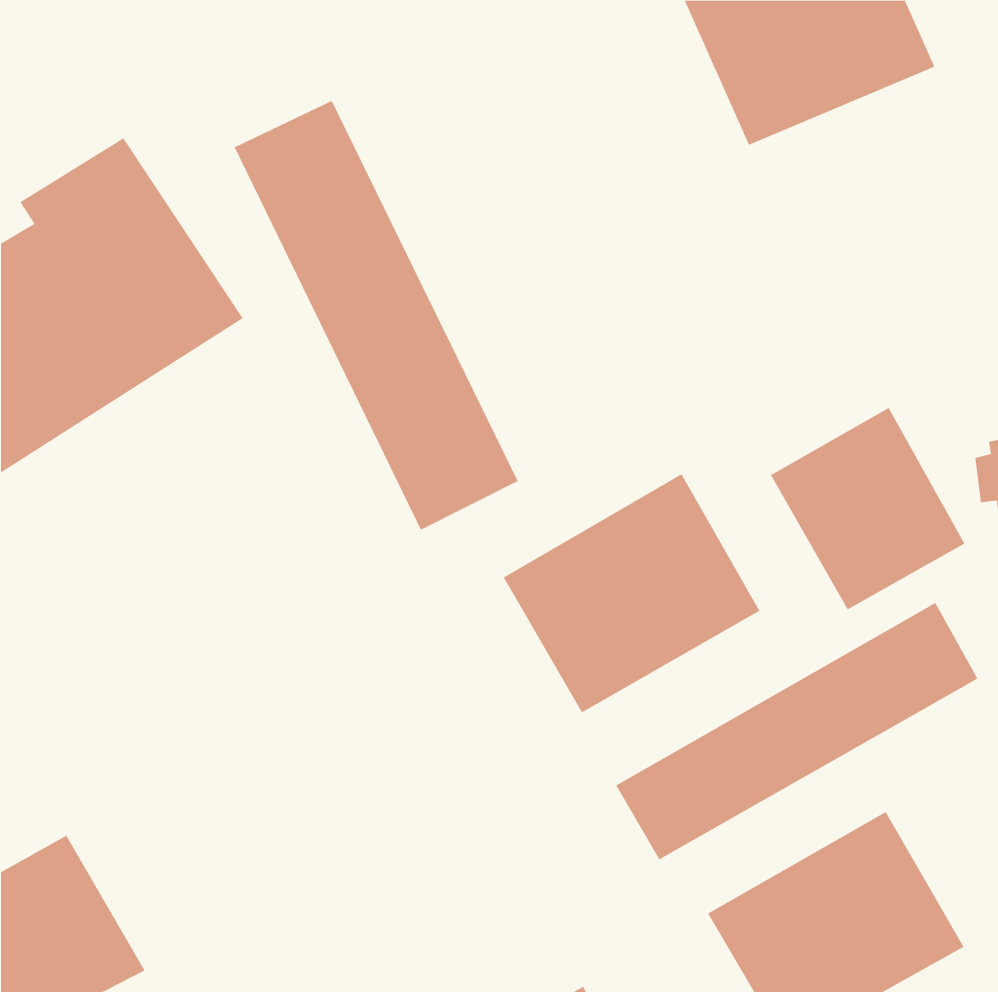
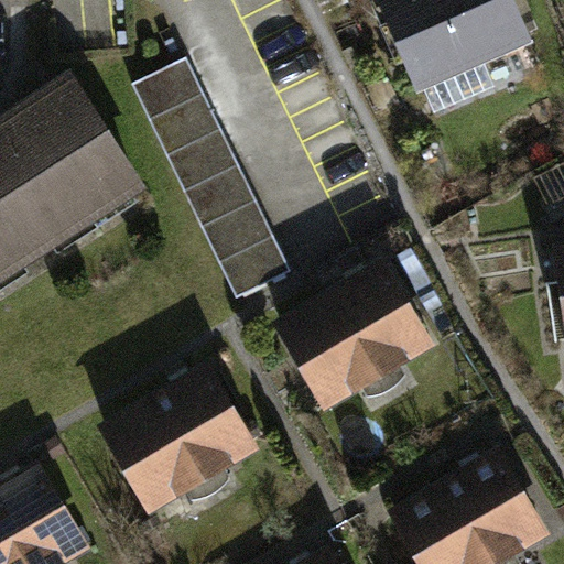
building: [770,407,965,610] -> none
building: [615,602,978,860] -> none
building: none -> [110,376,253,509]

